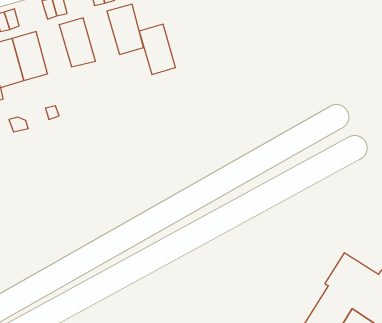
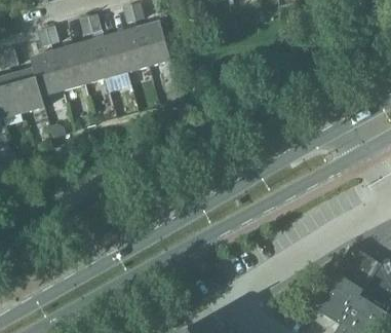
building: [139,24,176,74] -> [116,26,149,71]
building: none -> [74,38,106,82]

